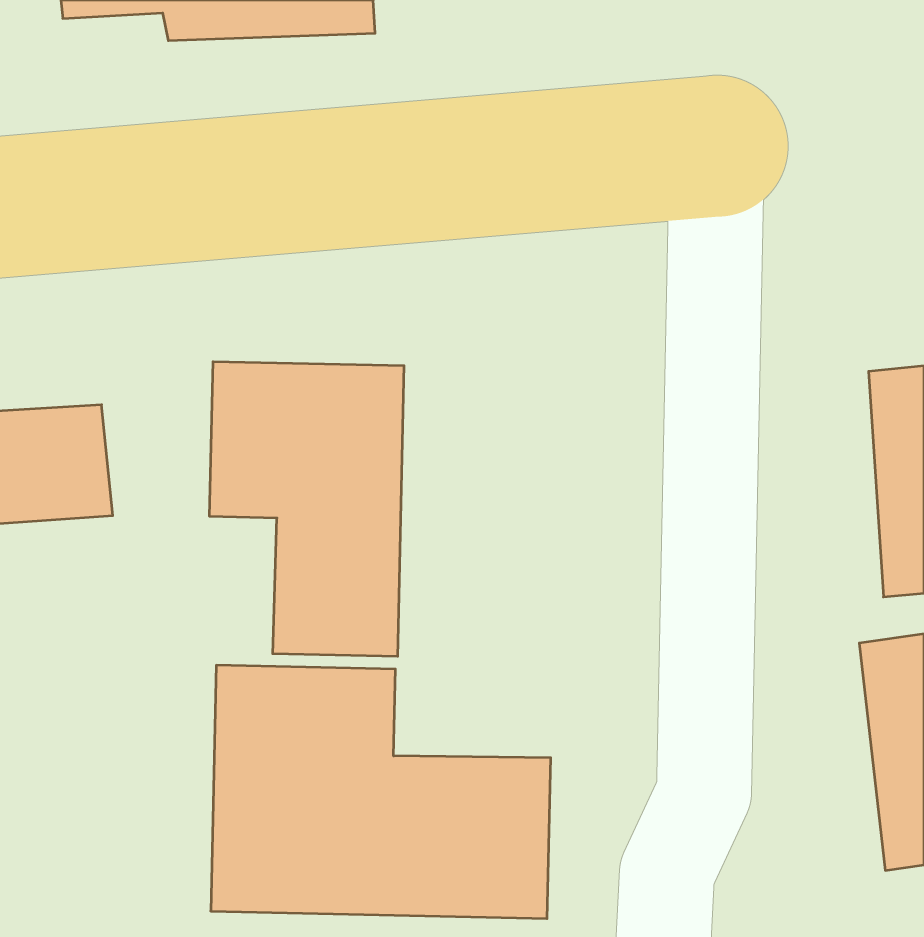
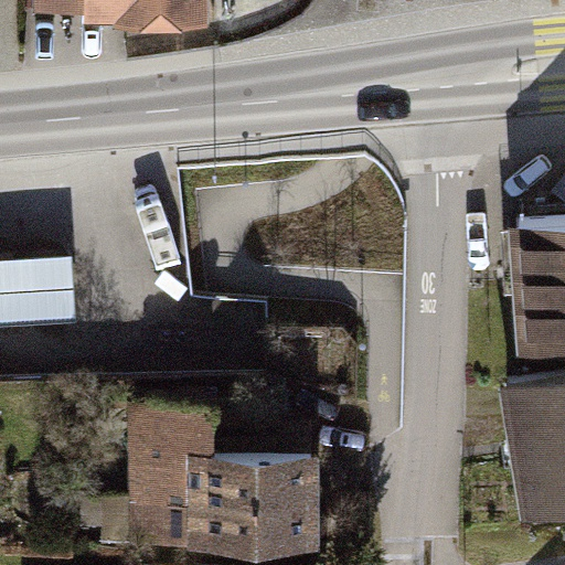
building: [210,362,404,656] -> none

